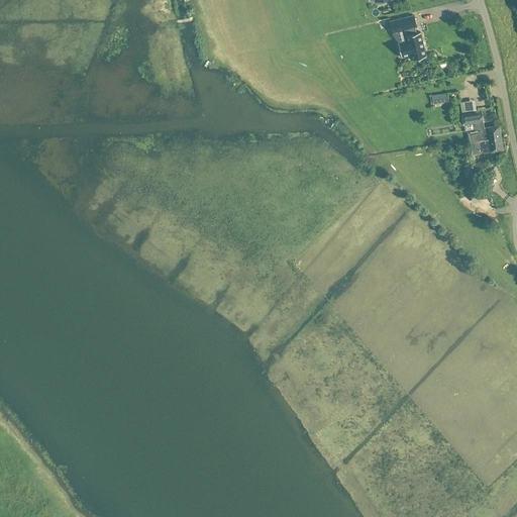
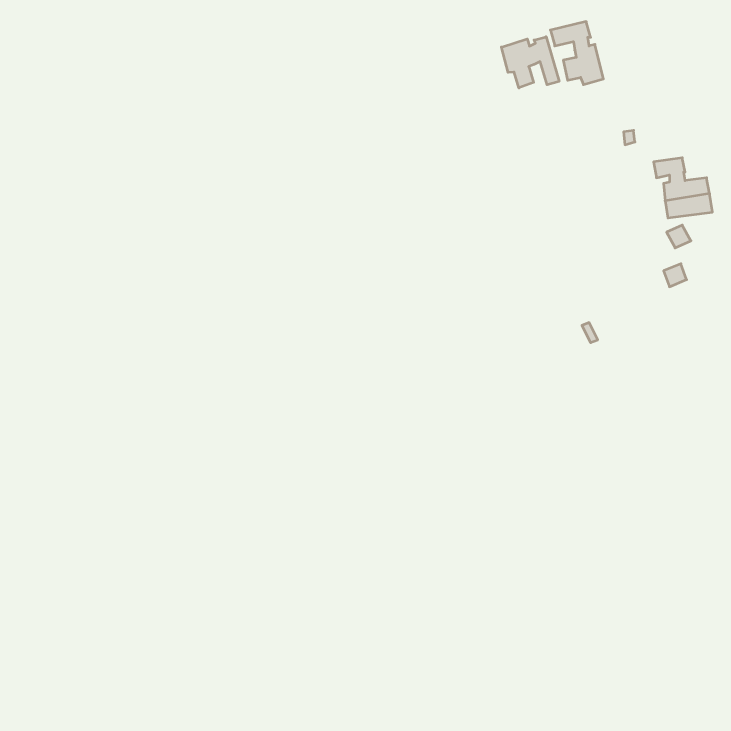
building: none -> [501,37,559,88]

